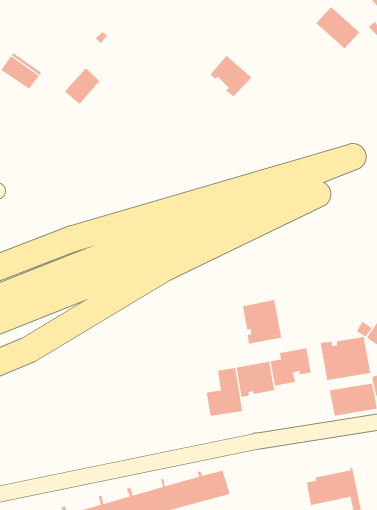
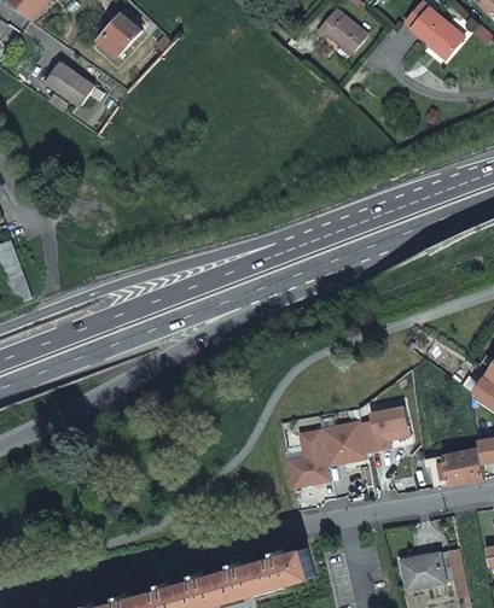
building: [210,55,252,97] -> [318,10,367,59]
building: [64,68,100,105] -> [98,16,140,59]
building: [242,299,282,345] -> none
building: [320,336,371,381] -> none

